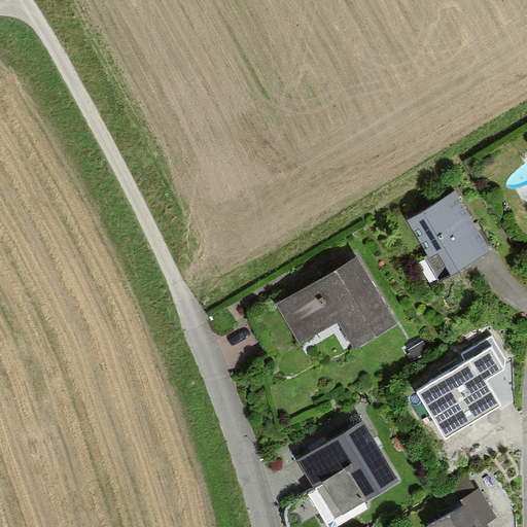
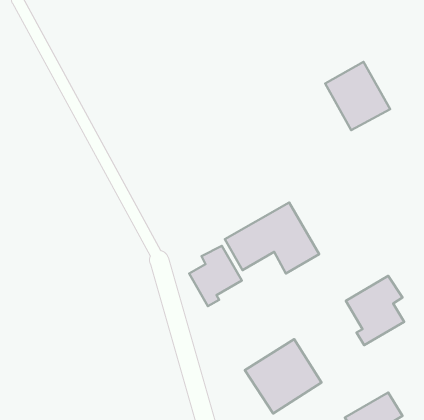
building: [407,192,487,277] -> [325,62,390,130]
building: none -> [189,246,242,306]

